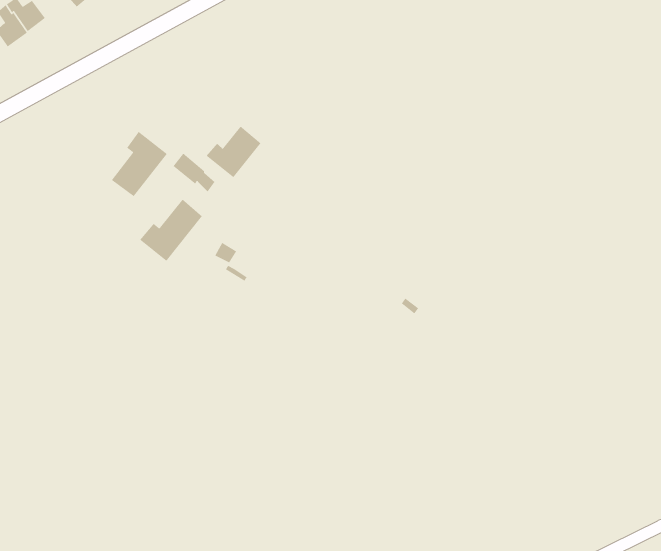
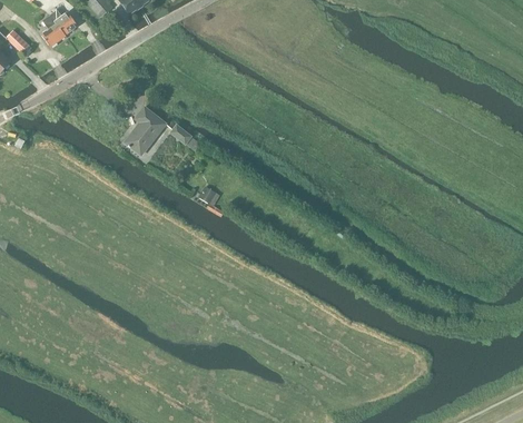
building: [205,125,262,178] -> none
building: [139,199,203,262] -> none

